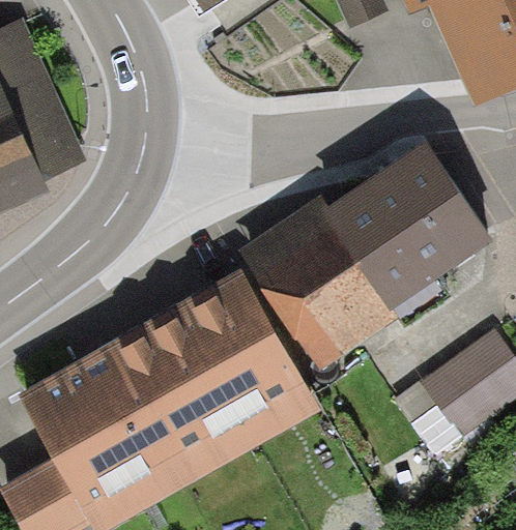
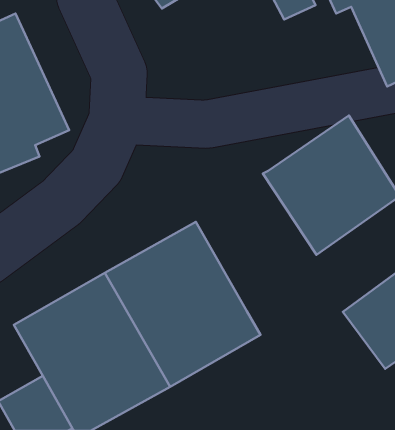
building: [232,196,396,380] -> none

